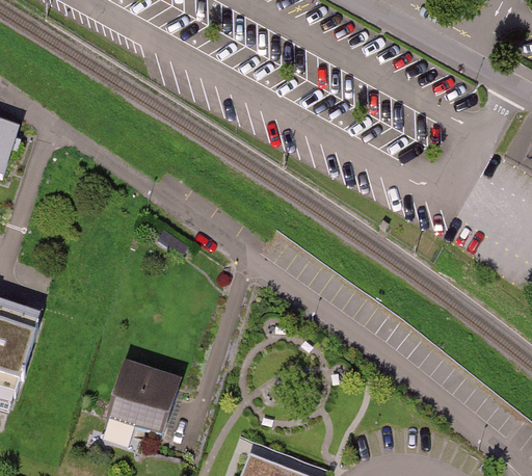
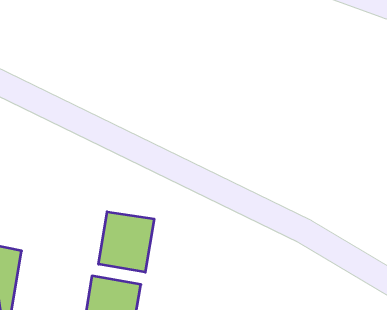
building: none -> [99,212,154,272]

